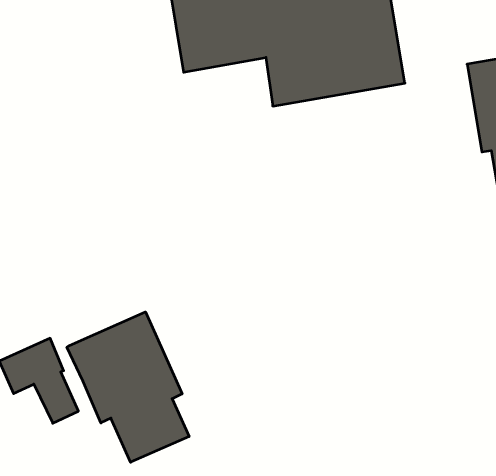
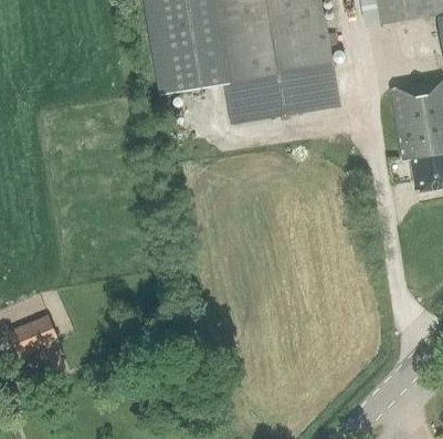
building: [67,312,189,462] -> none

